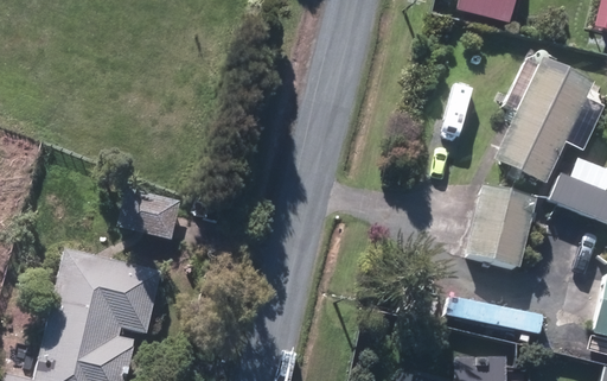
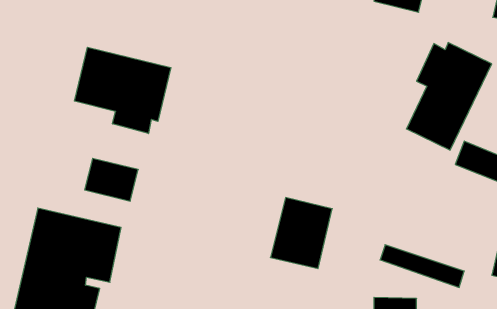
building: none -> [74,47,171,134]
building: [465,180,537,263] -> [270,198,332,269]

